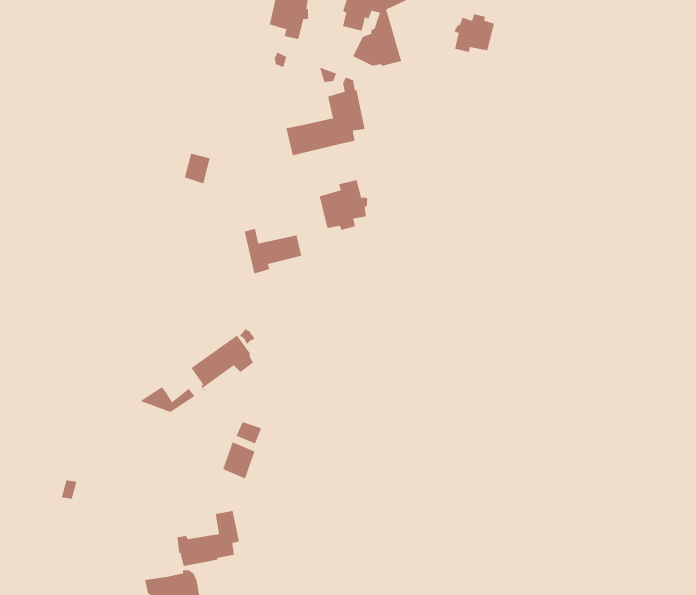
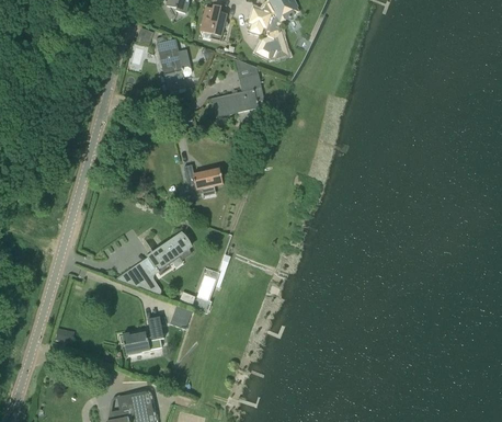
building: [454,14,495,53] -> none
building: none -> [157,34,192,91]
building: [319,179,368,231] -> none
building: [177,510,240,567] -> [123,316,164,353]

